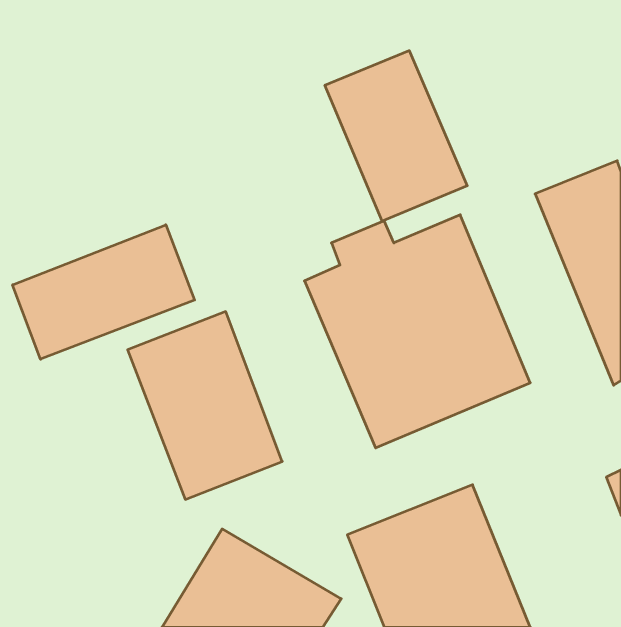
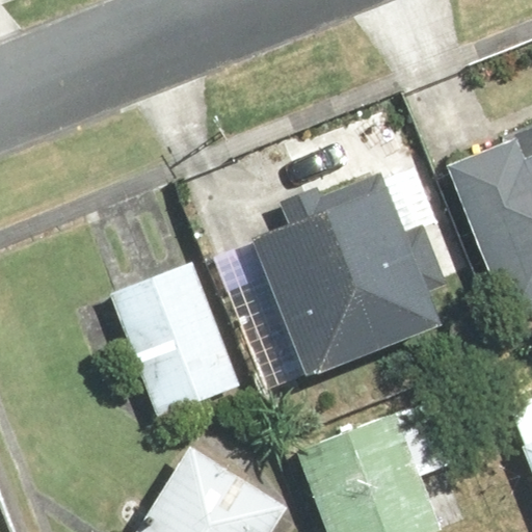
building: [325,51,467,221] -> none
building: [13,225,195,359] -> none

